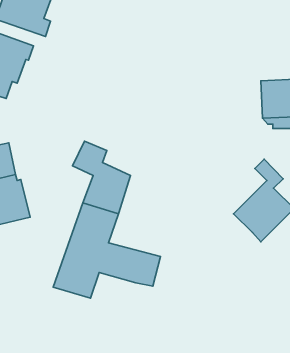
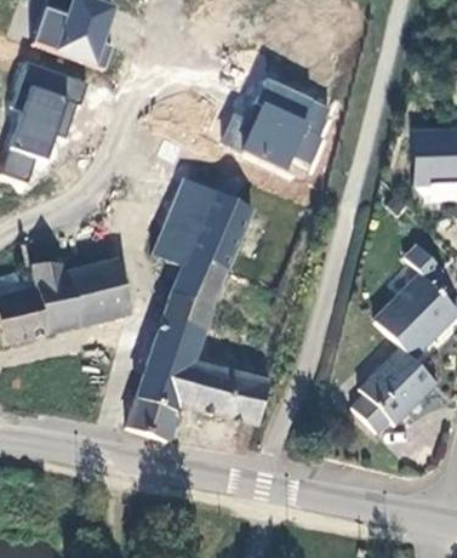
building: none -> [224,76,332,167]
building: none -> [162,178,251,266]
building: none -> [72,260,130,325]
building: none -> [352,347,436,434]

